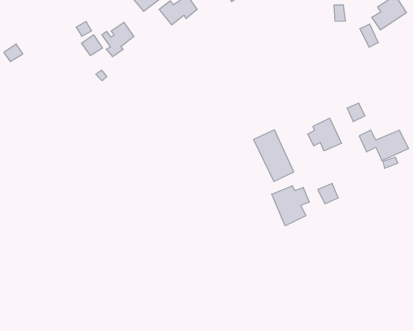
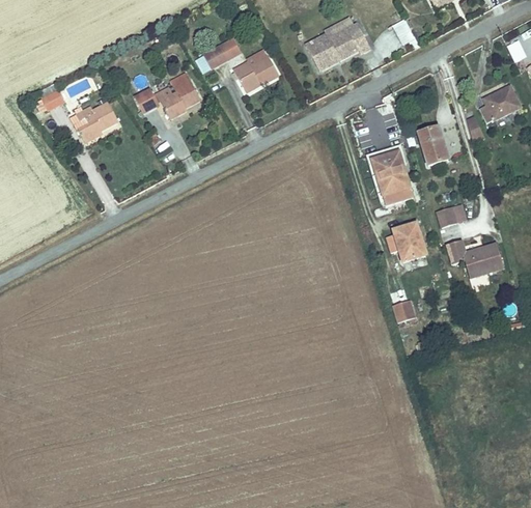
building: none -> [419,126,450,165]
building: none -> [76,102,117,140]
building: [254,130,294,181] -> [370,143,413,203]
building: [272,186,309,226] -> none

